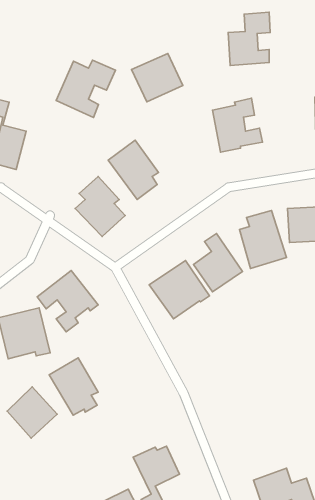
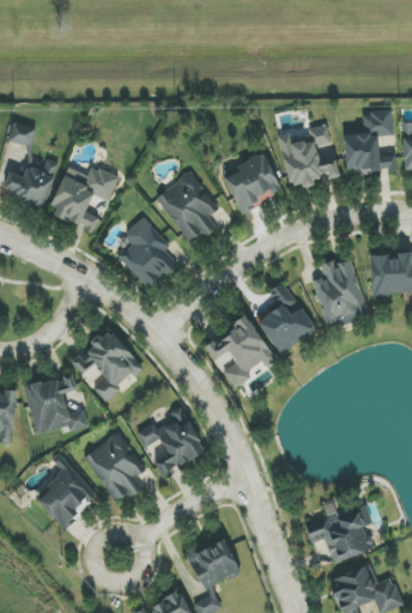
building: [228,12,270,65] -> [344,109,394,172]
building: [132,54,183,102] -> [222,152,283,210]
building: [56,60,115,117] -> [49,164,120,232]
building: none -> [137,405,206,473]
building: none -> [304,506,372,562]

